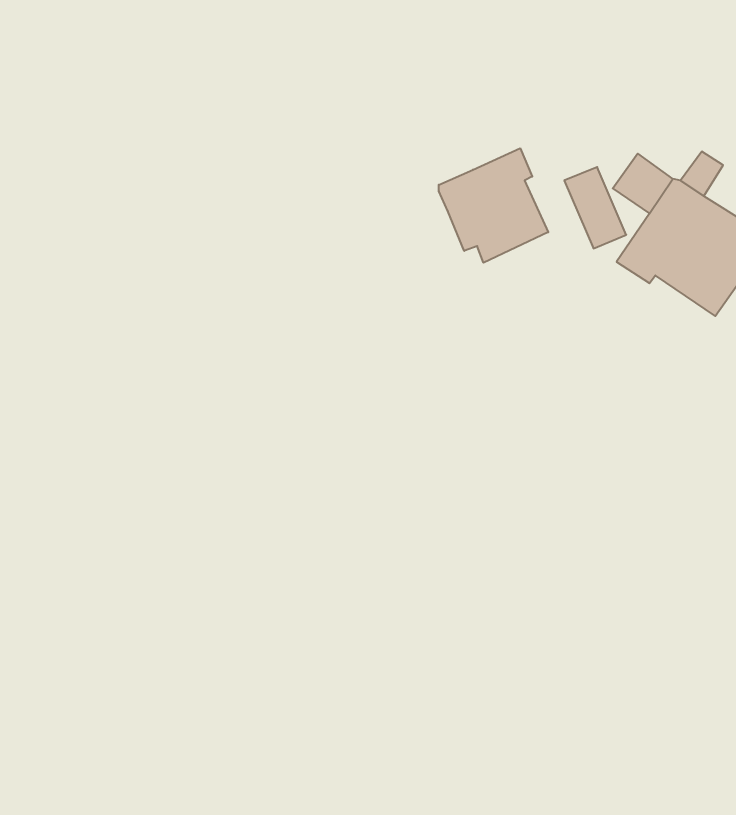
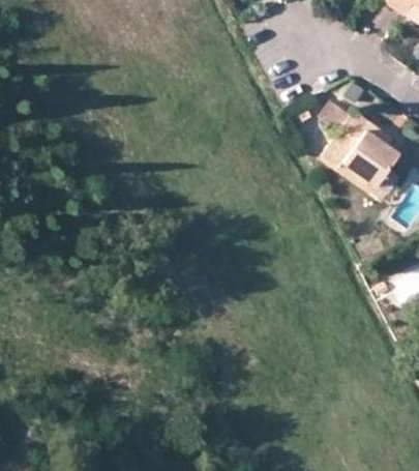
building: [439,148,548,263] -> none

